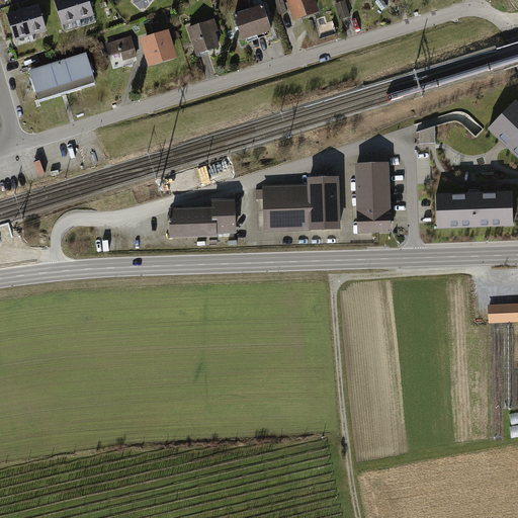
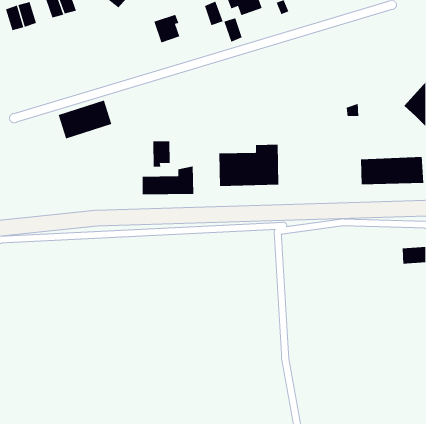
building: [233,7,256,37] -> [223,17,243,42]
building: [140,27,176,65] -> none
building: [104,37,138,65] -> none
building: [29,55,95,102] -> [58,100,112,139]
building: [357,161,390,229] -> none
building: none -> [153,141,170,168]

